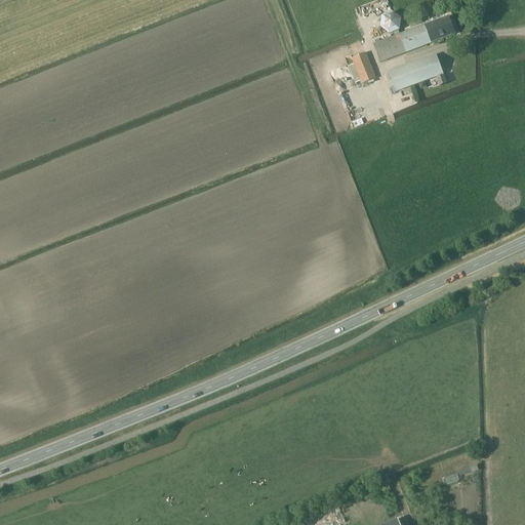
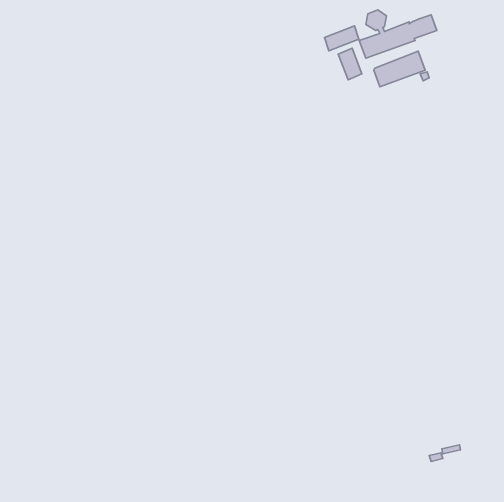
building: none -> [324,26,359,51]

